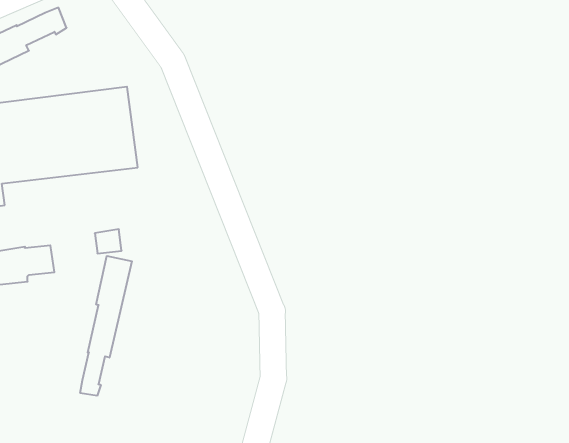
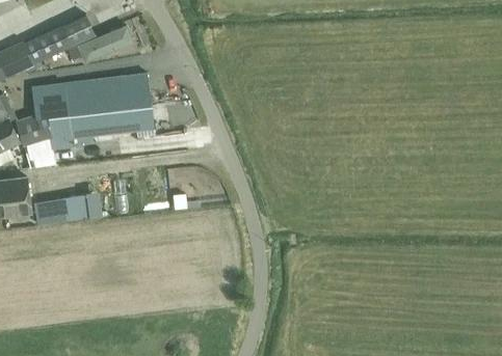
building: none -> [76,25,133,63]
building: [80,256,132,396] -> none

